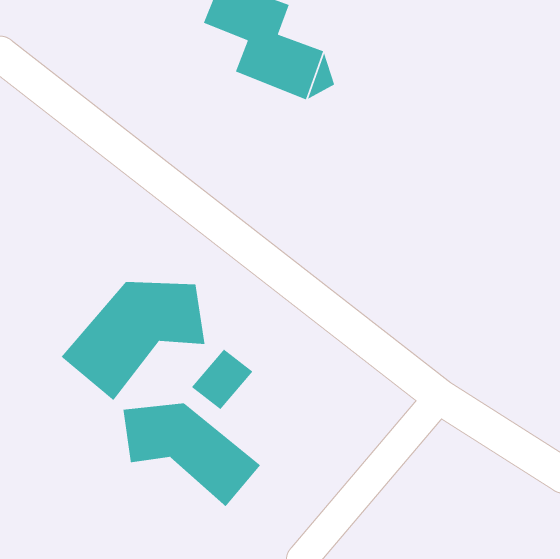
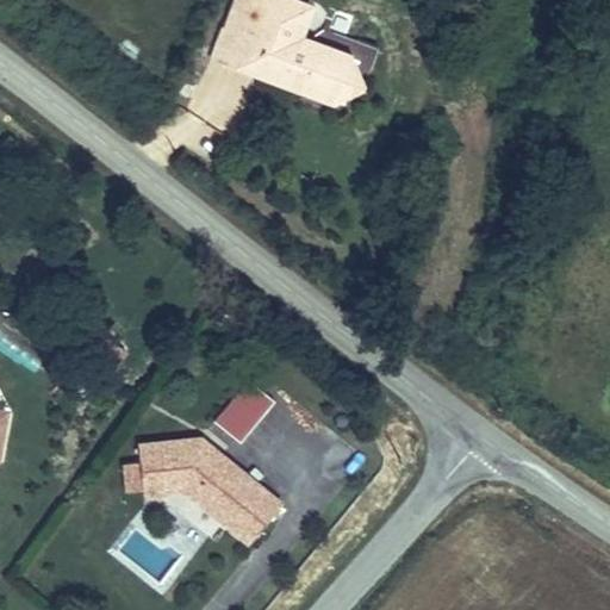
building: none -> [210,25,270,77]
building: [60,281,206,401] -> none

